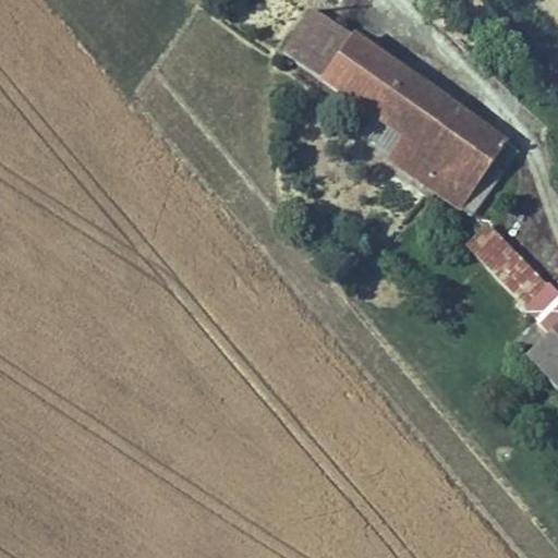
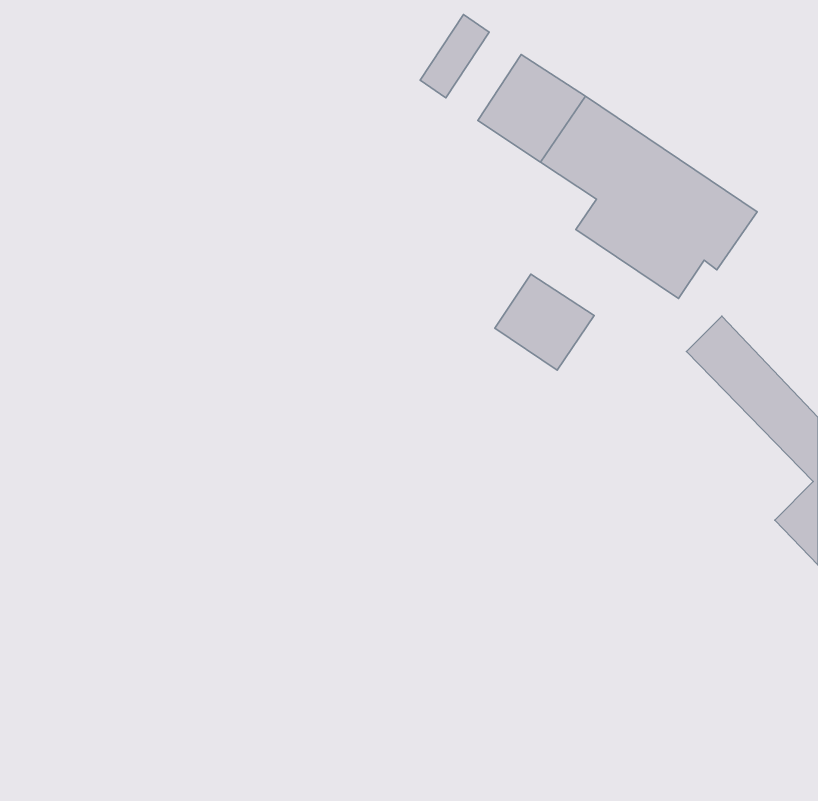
building: [303,22,354,82] -> none
building: none -> [495,274,594,370]

